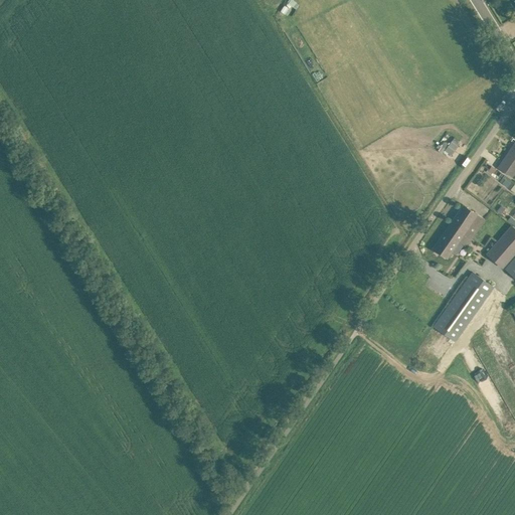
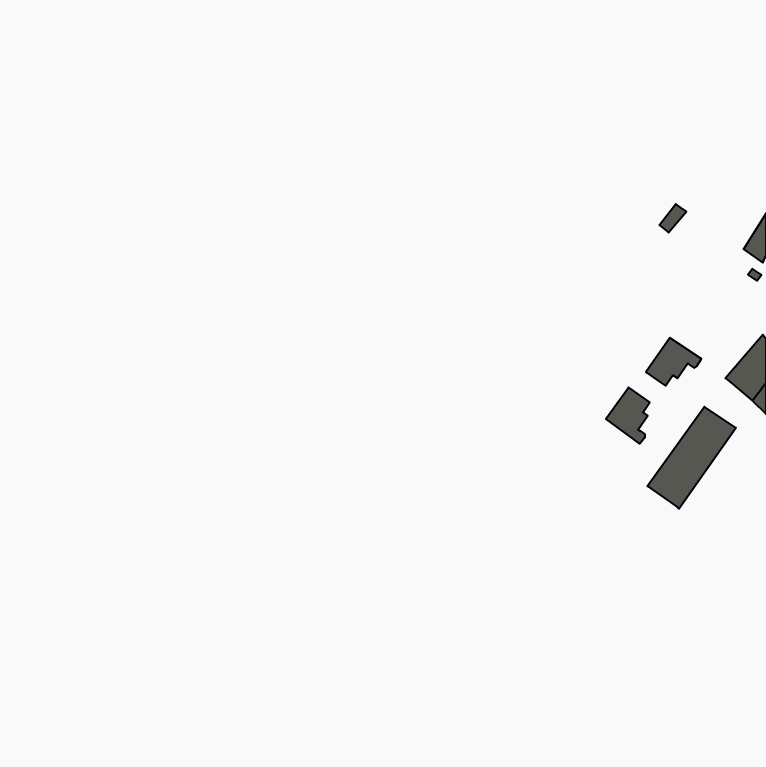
building: [449,205,484,240] -> none
building: none -> [606,387,650,444]

